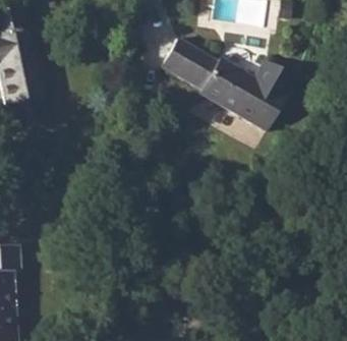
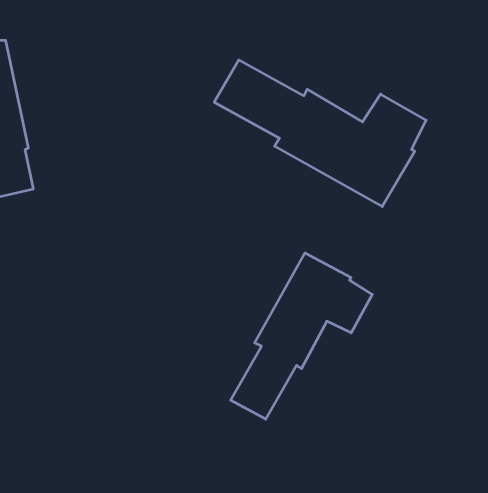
building: none -> [231,253,372,419]

